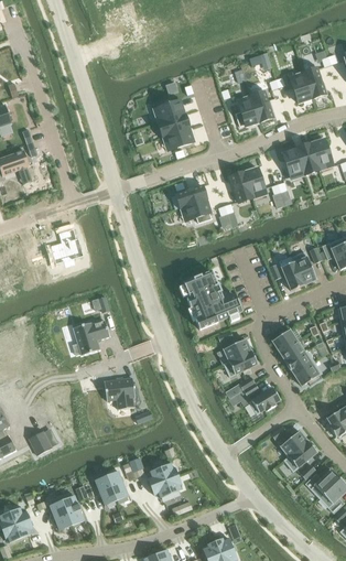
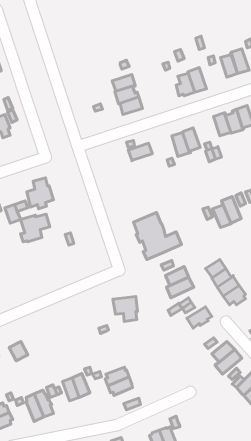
building: [181,198,212,223] -> none
building: [73,321,109,355] -> [21,214,50,242]
building: [104,378,134,409] -> [113,297,138,321]

